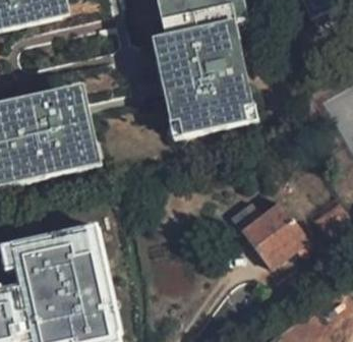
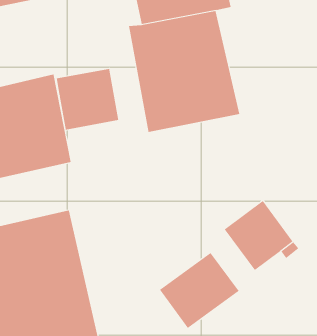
building: none -> [56,68,119,130]
building: none -> [159,252,239,329]

